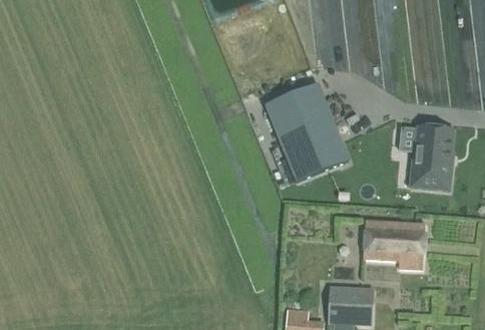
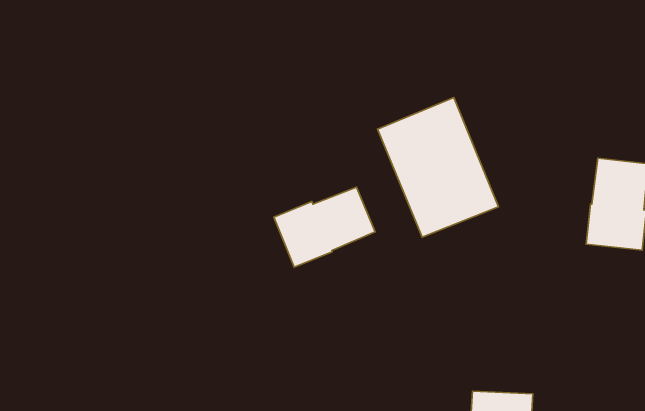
building: none -> [274,187,375,267]
building: [363,220,425,268] -> none

